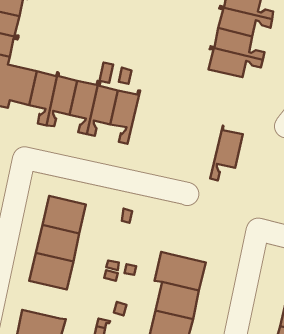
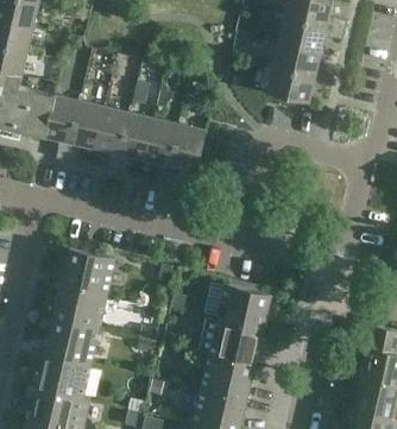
building: [210,125,243,180] -> [165,119,206,187]
building: none -> [216,284,270,330]
building: none -> [36,353,90,399]

